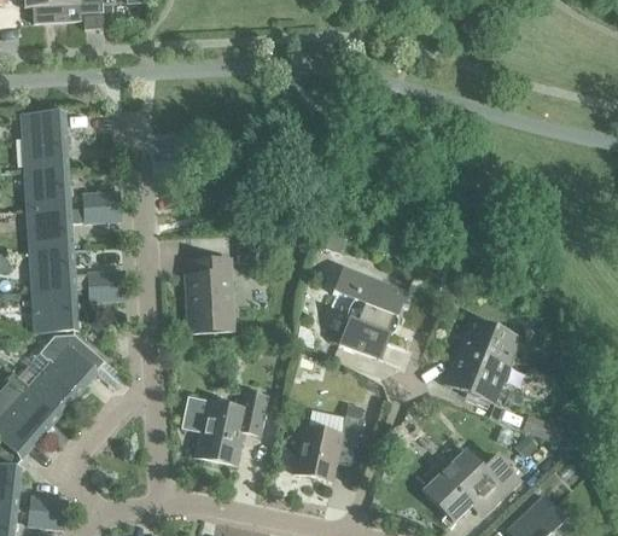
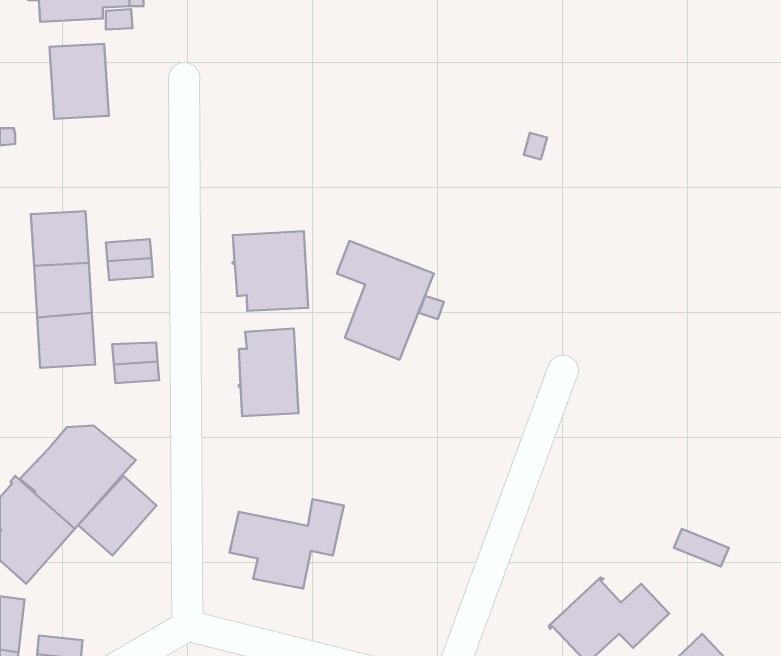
building: [22,113,68,171] -> [49,44,109,119]
building: none -> [233,231,308,311]
building: [332,267,407,359] -> [337,241,434,360]
building: [33,287,77,331] -> none
building: [453,316,520,403] -> none
building: none -> [78,476,157,556]
building: [293,415,360,480] -> none

